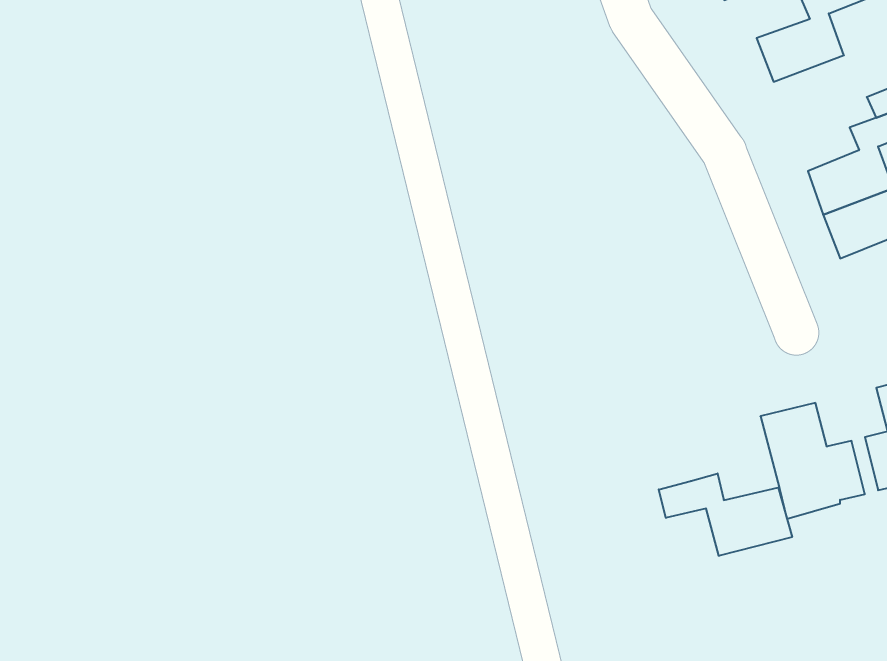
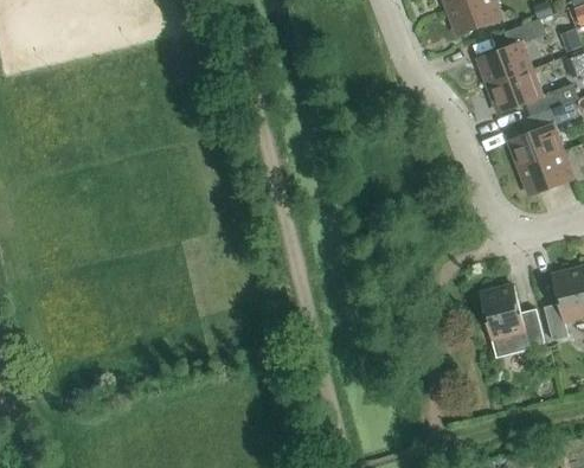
building: none -> [487,68,541,111]
building: [659,473,792,556] -> none

